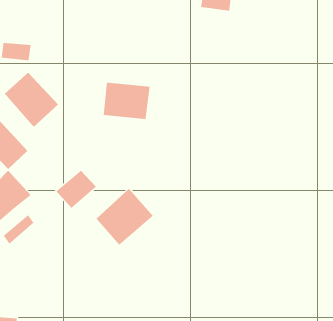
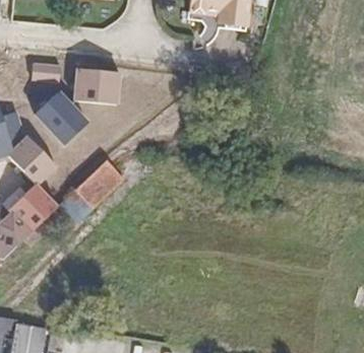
building: [103,82,150,120] -> [68,64,114,100]
building: [96,188,154,246] -> none

